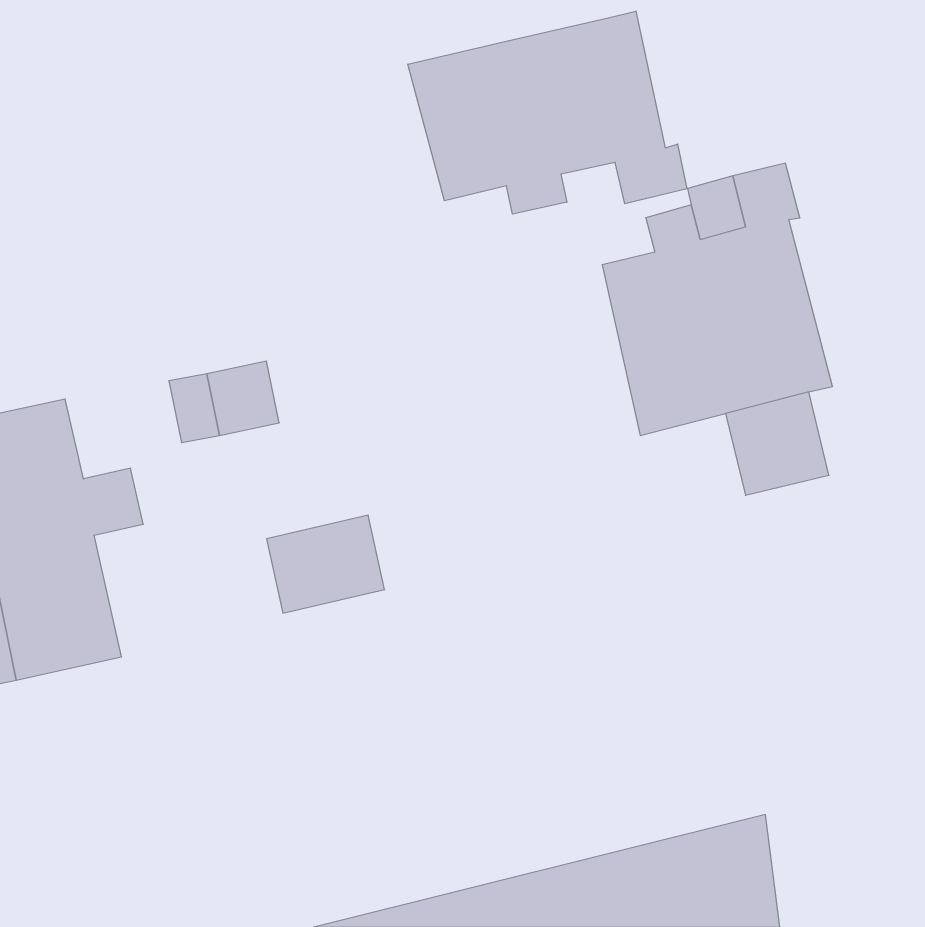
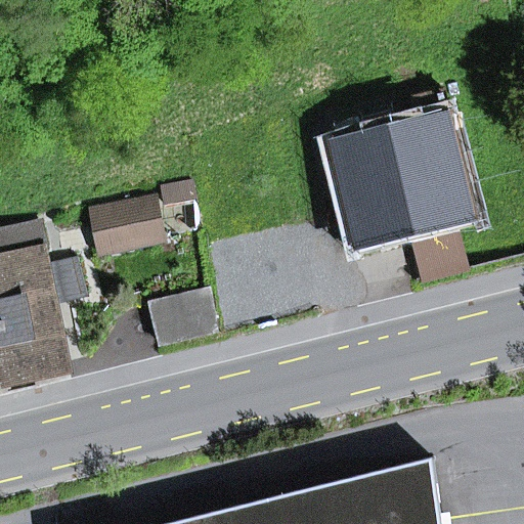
building: [408,11,687,214] -> none

